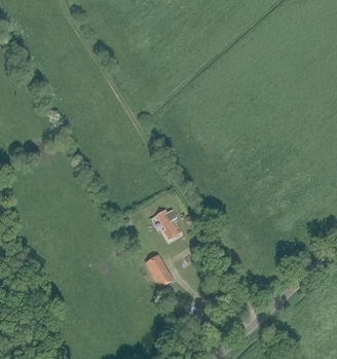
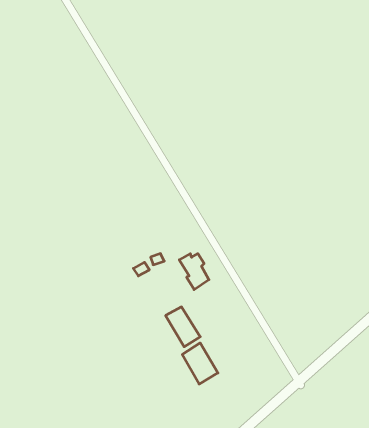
building: none -> [182,343,218,384]

